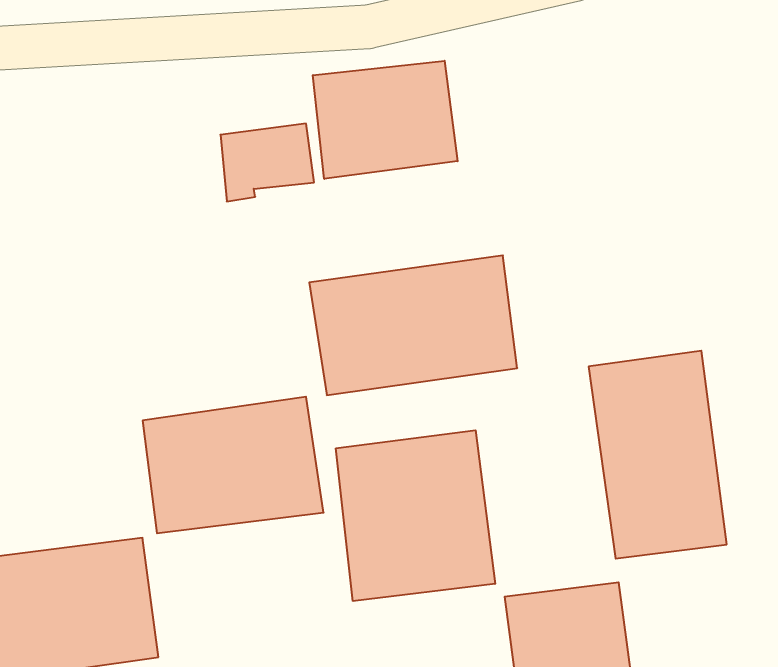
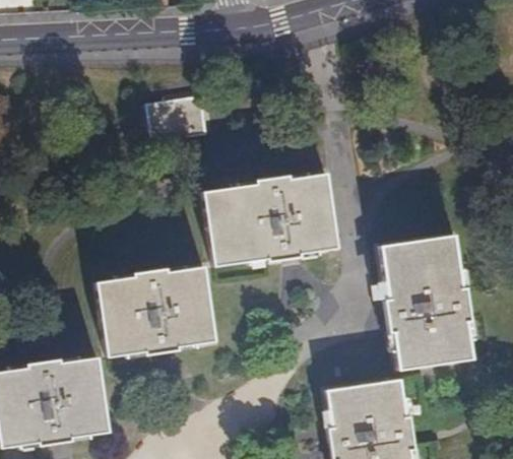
building: [313,61,458,179] -> none
building: [336,430,495,601] -> none

